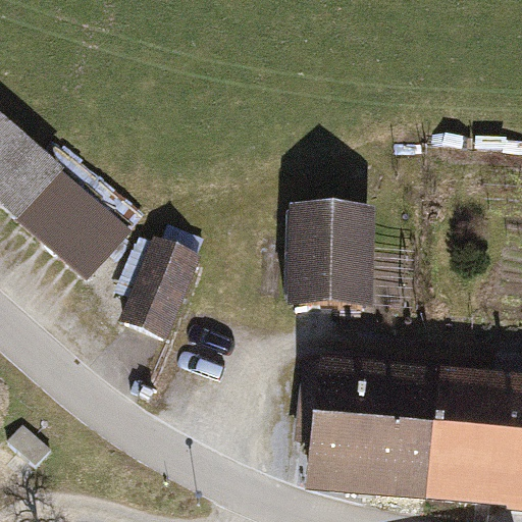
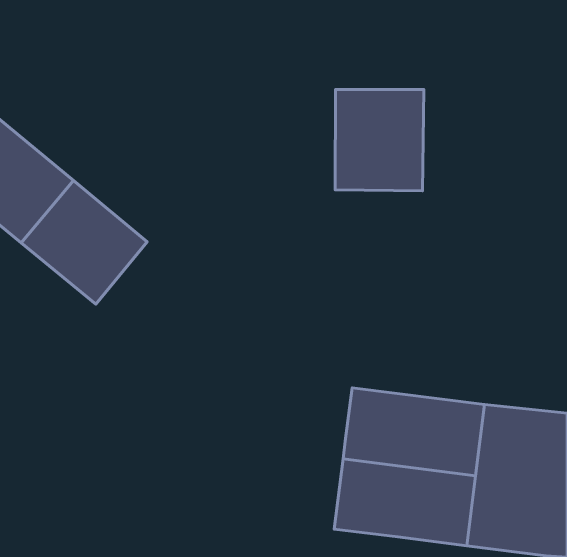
building: none -> [335,90,424,191]
building: [285,207,374,306] -> none
building: [117,231,201,337] -> none

